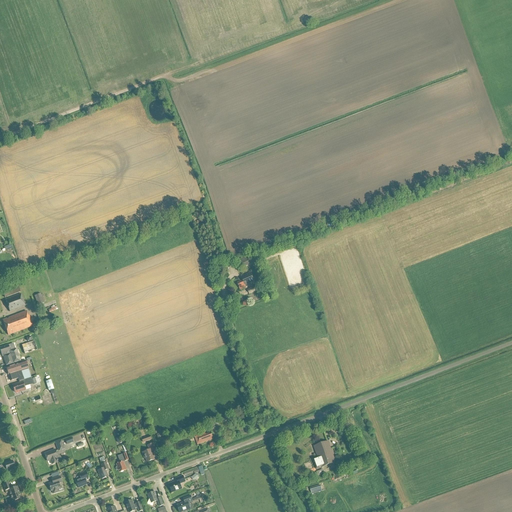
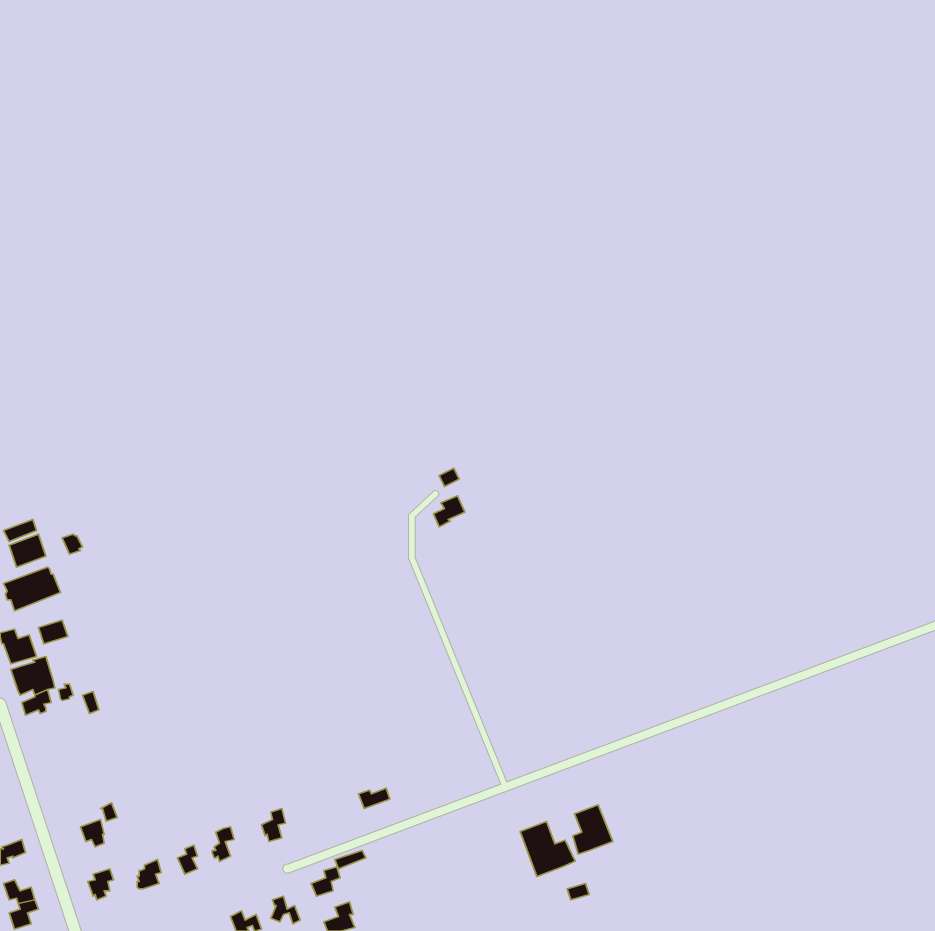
building: none -> [520,821,575,877]

